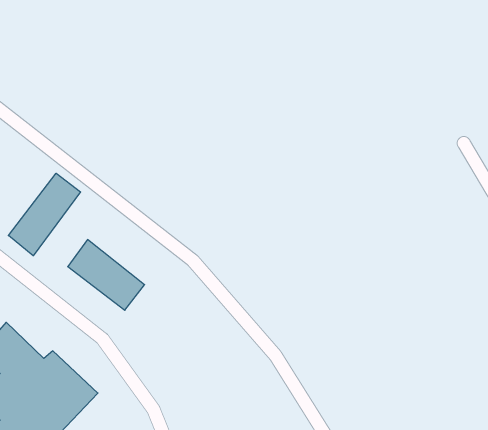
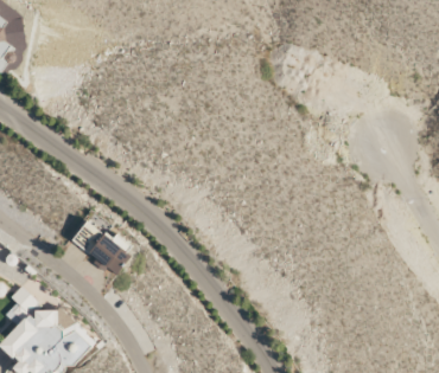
building: [8,173,81,256] -> none

